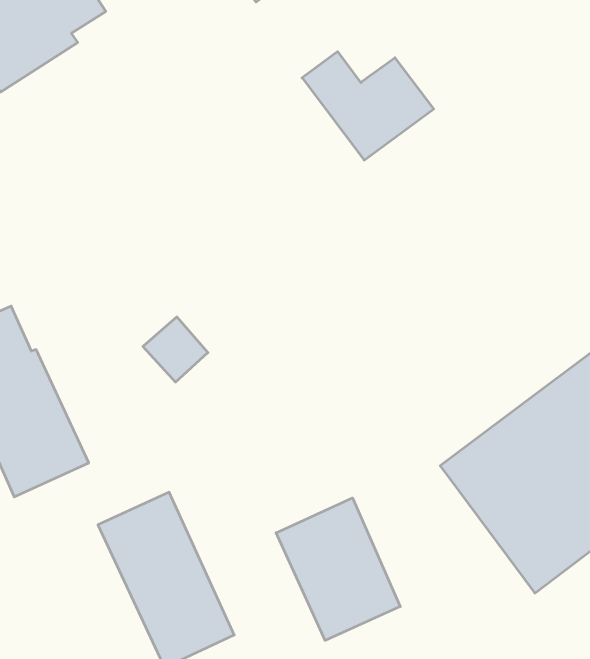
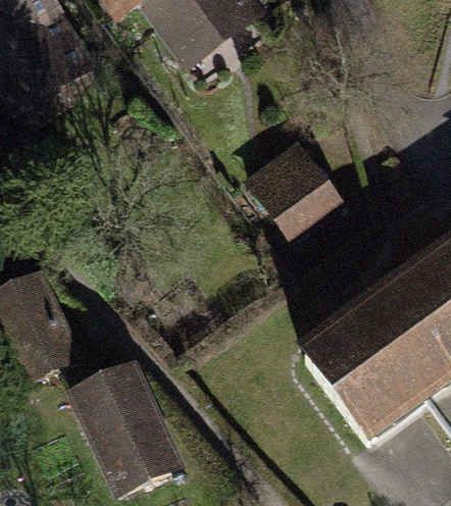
building: [302,52,434,160] -> [254,160,341,232]
building: [276,498,400,640] -> none

